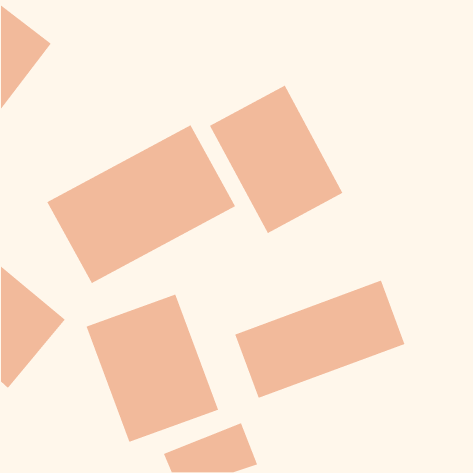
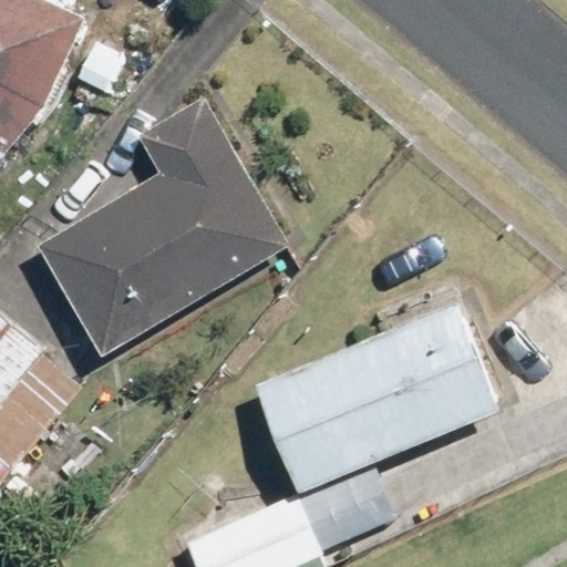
building: [209,85,344,234] -> none
building: [86,293,219,443] -> none

